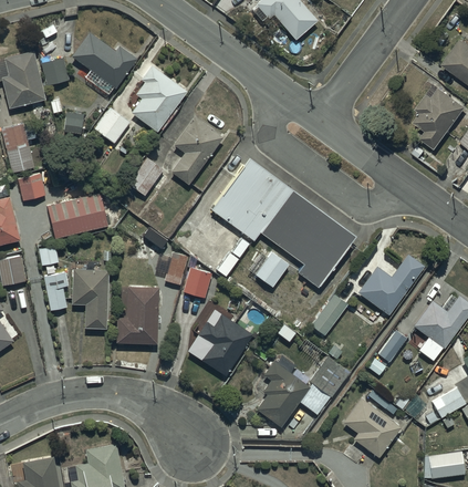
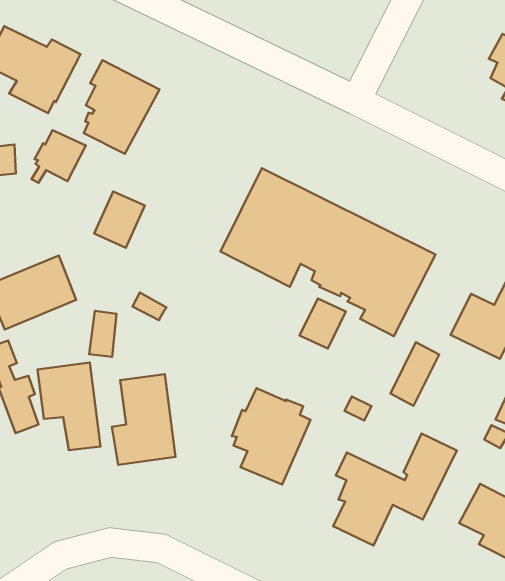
building: [171,117,221,184] -> none
building: [164,252,187,286] -> [89,311,116,357]
building: [184,268,211,298] -> none

